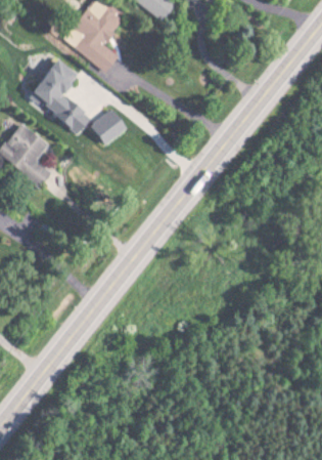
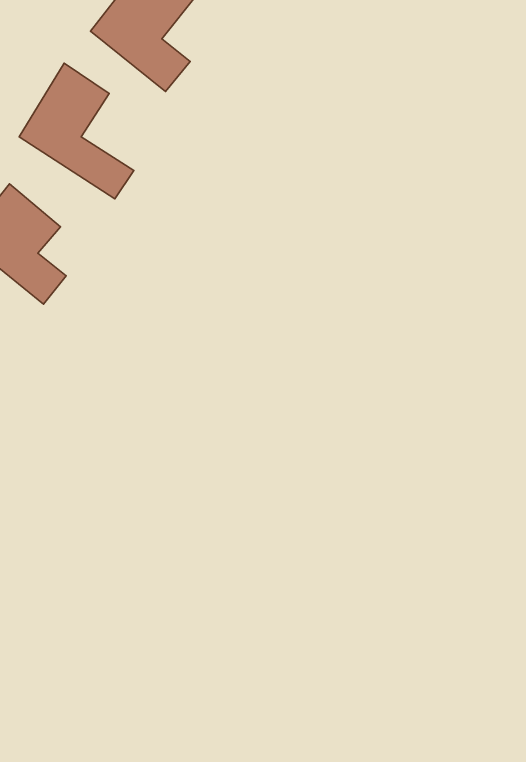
building: [90,111,126,145] -> none

